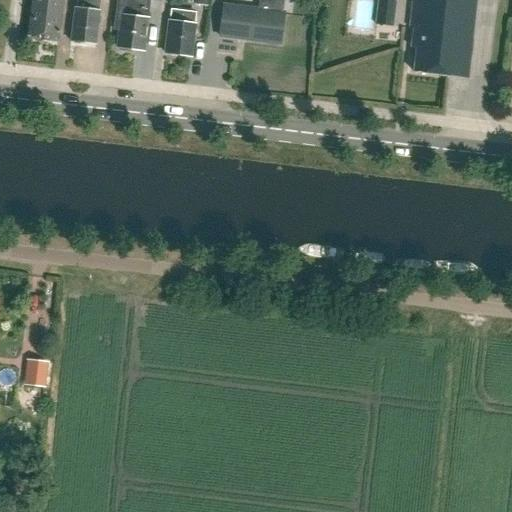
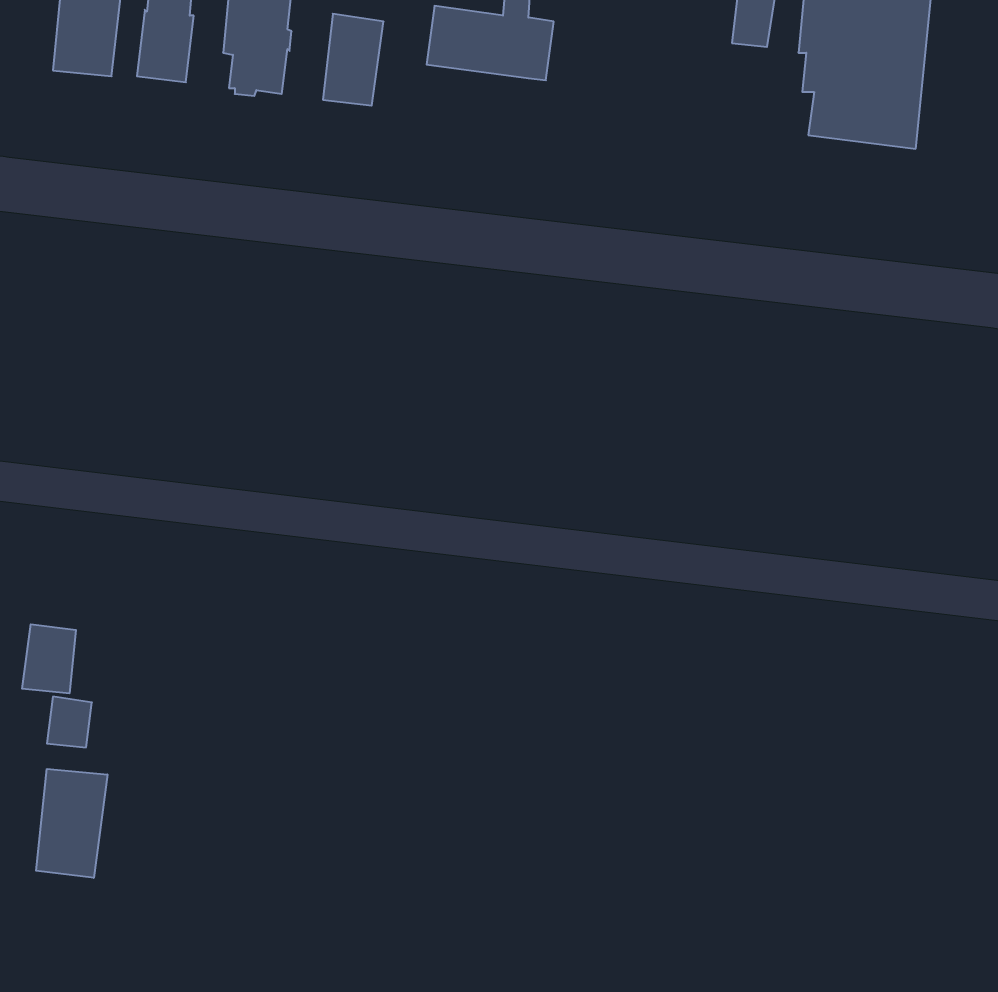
building: none -> [22,624,76,693]
building: none -> [36,769,107,878]

